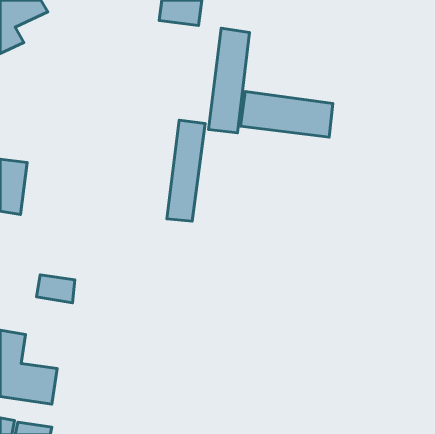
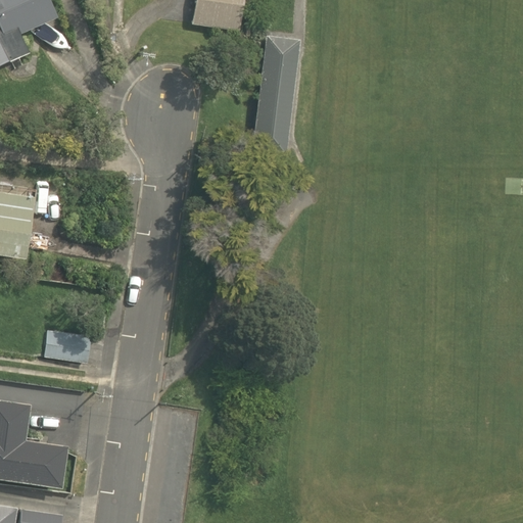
building: [241,91,333,137] -> none
building: [167,120,205,221] -> none

